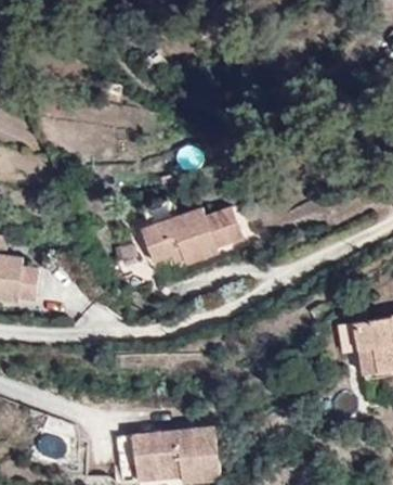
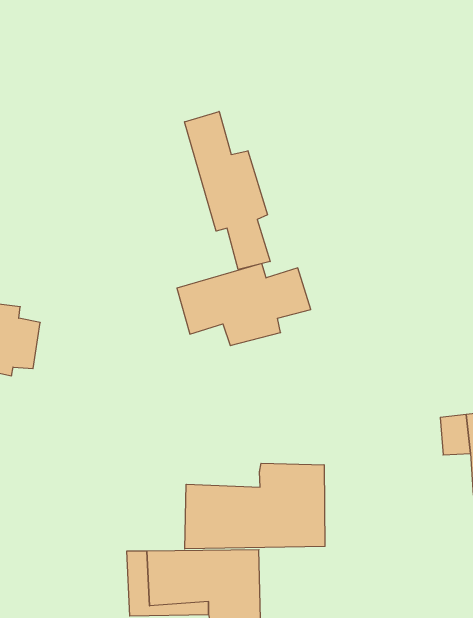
building: none -> [185,111,270,270]
building: none -> [185,463,325,549]

